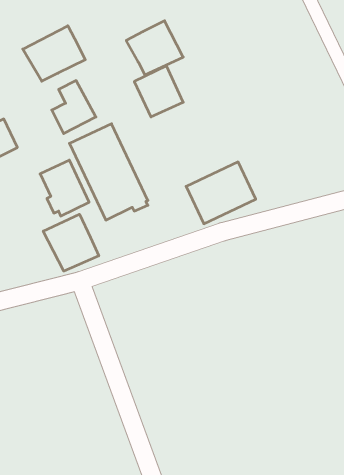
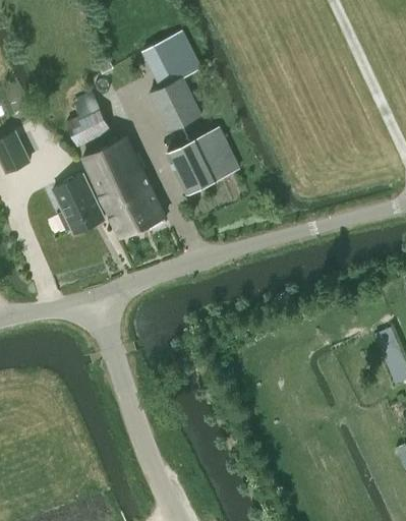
building: [23,26,85,81] -> none
building: [186,162,256,224] -> [168,129,240,193]
building: [43,214,99,271] -> none

